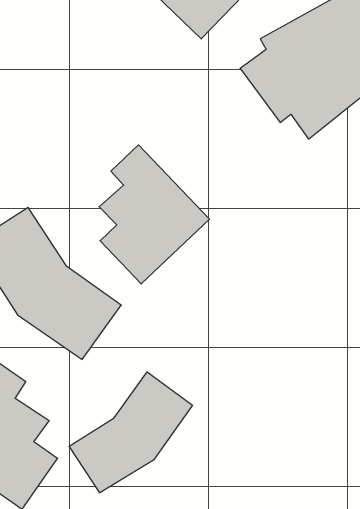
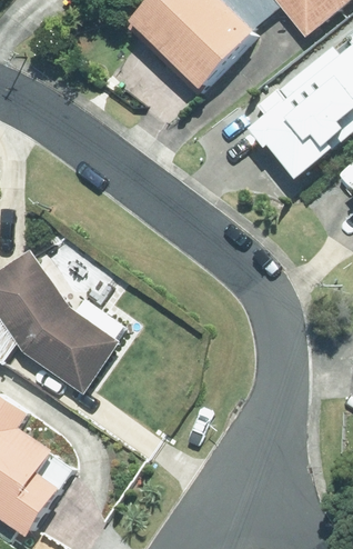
building: [99,145,210,284] -> none
building: [69,372,192,493] -> none

